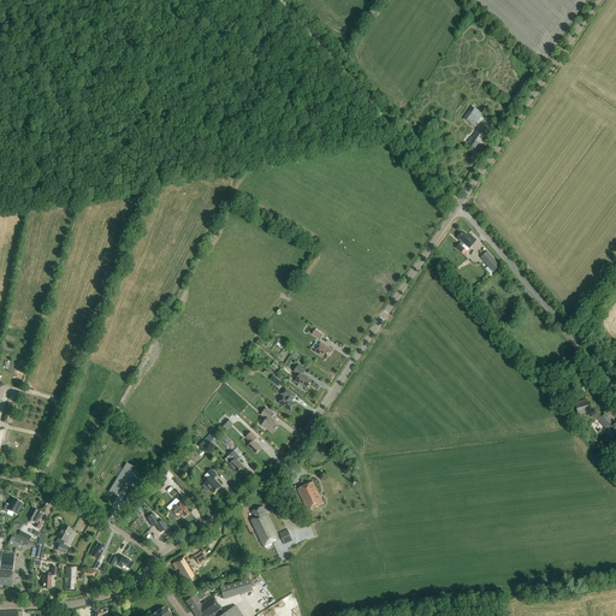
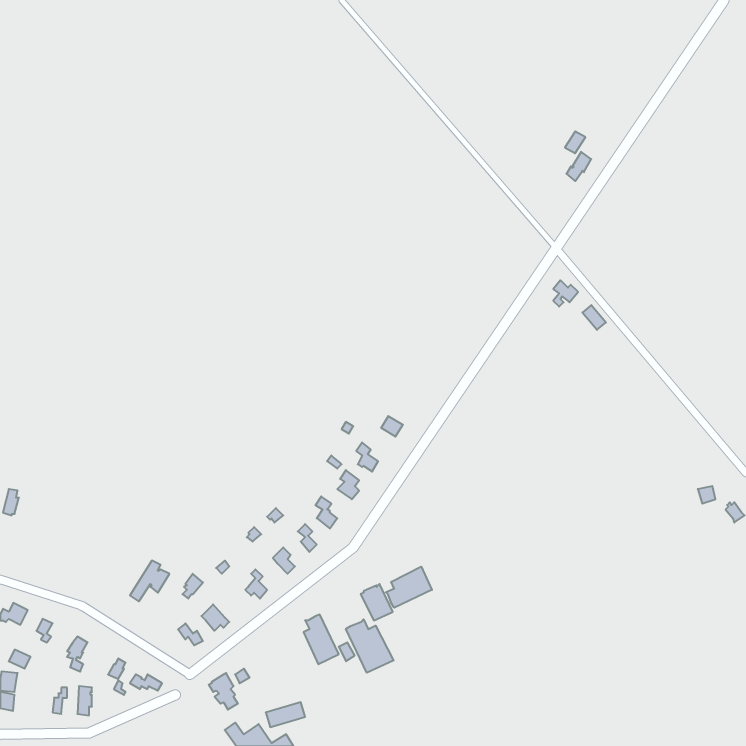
building: none -> [386,567,432,608]
building: none -> [346,619,394,673]

